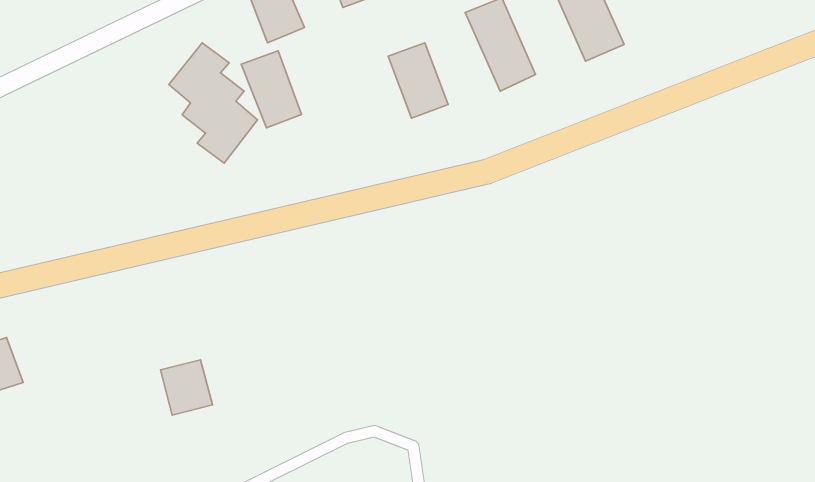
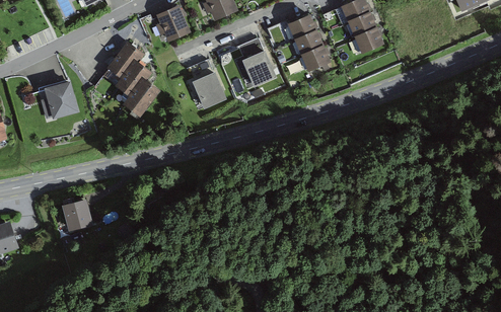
building: [241,51,302,128] -> [189,61,225,107]
building: none -> [38,80,77,120]
building: [160,360,212,415] -> [60,197,91,230]

